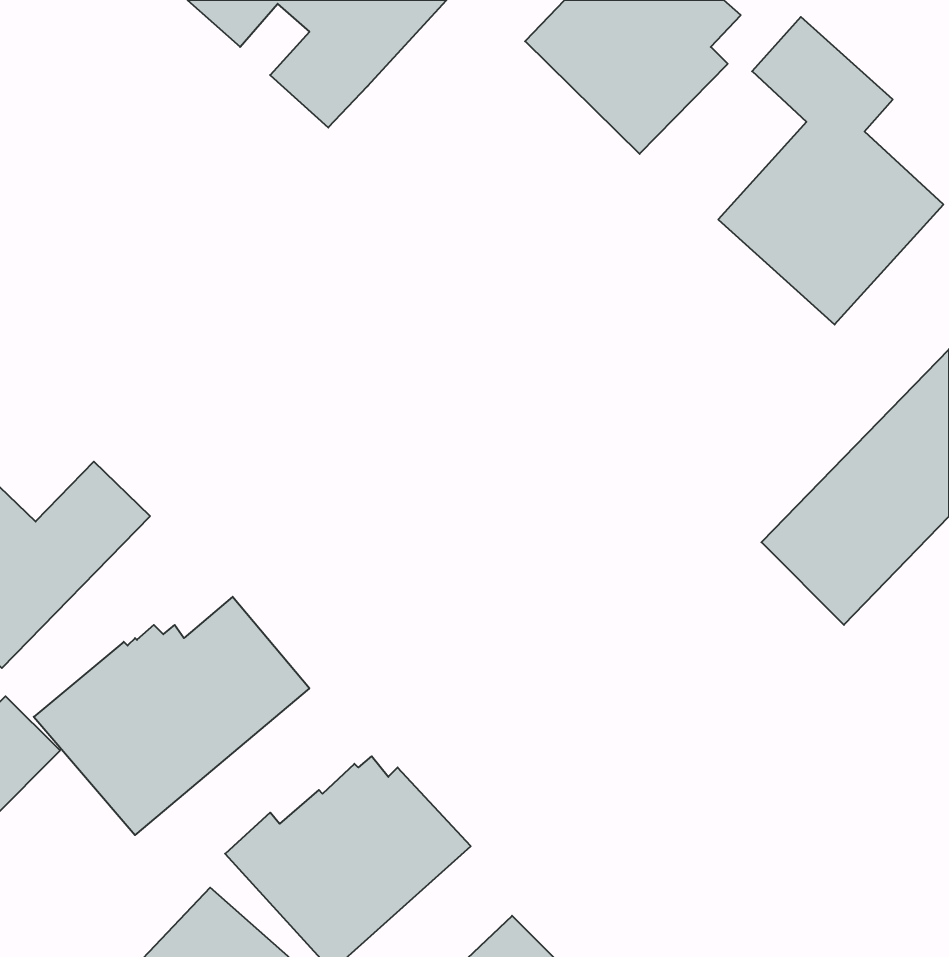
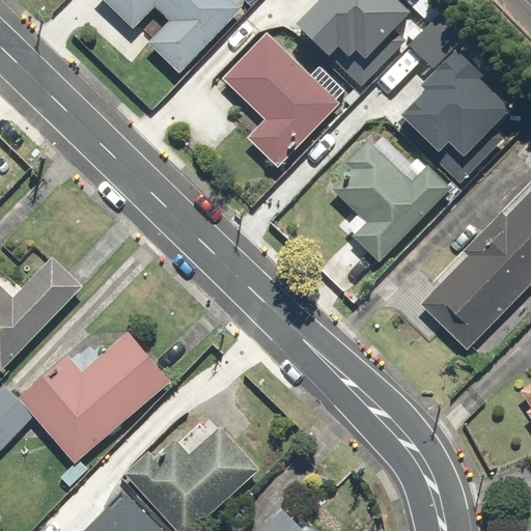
building: none -> [222,33,336,169]
building: none -> [329,143,451,261]

